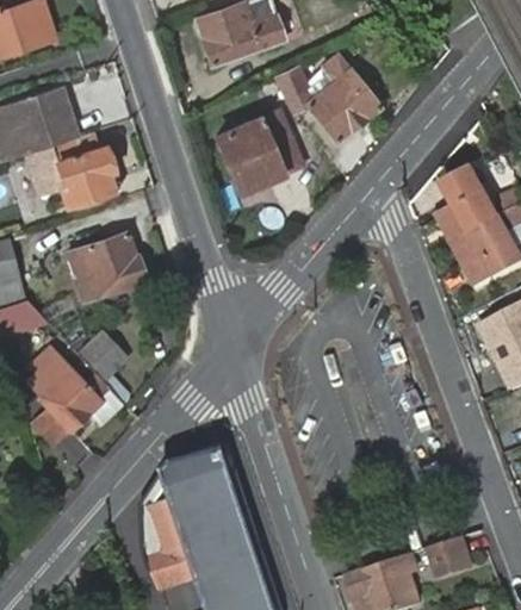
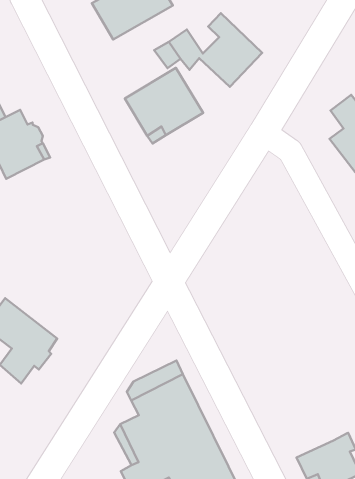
building: [68,234,143,301] -> none
building: [69,331,119,380] -> none

